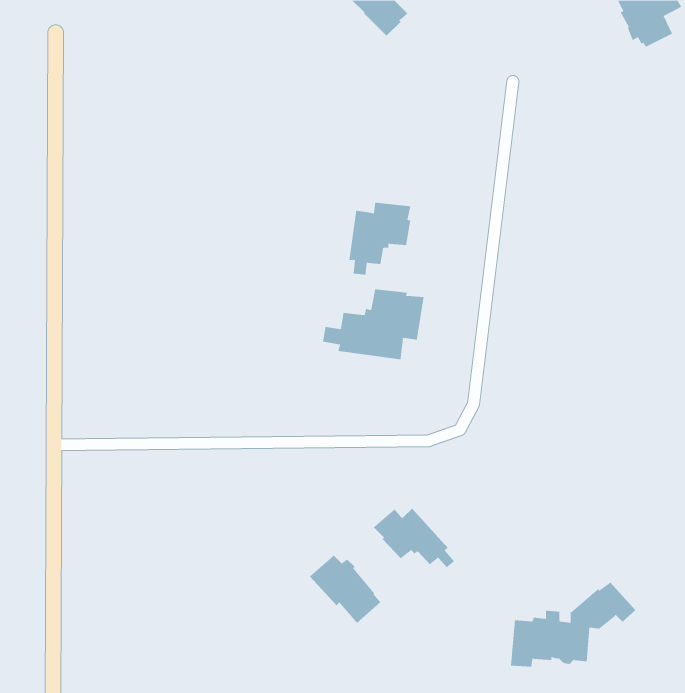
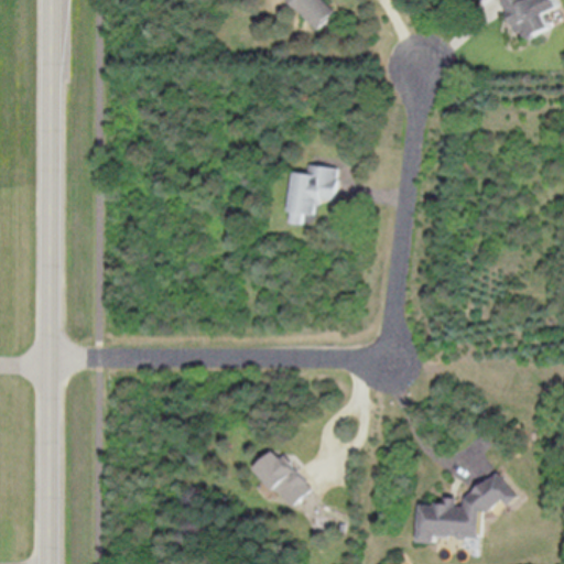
building: [322,288,424,360] -> none
building: [373,508,455,568] -> none

